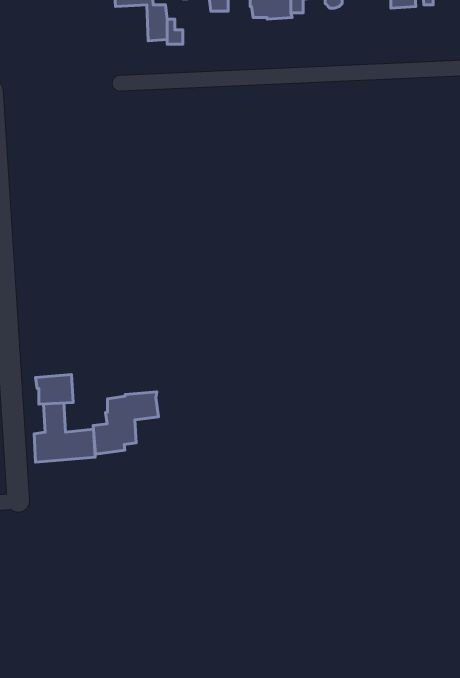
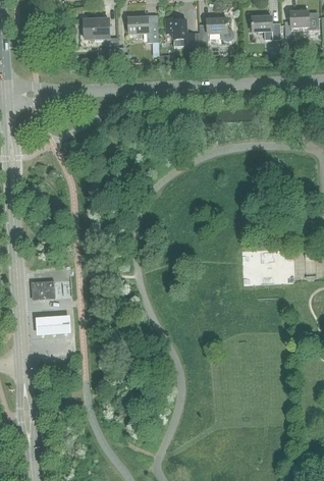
building: [93,392,158,454] -> none

